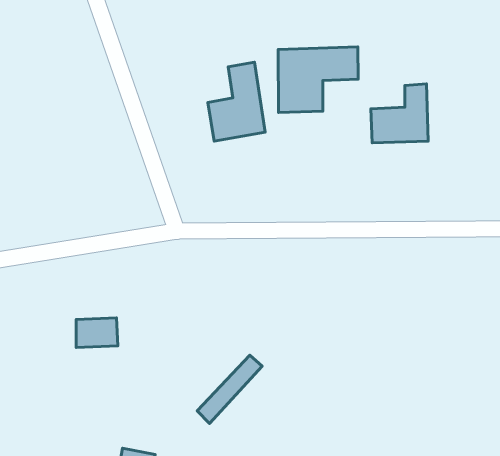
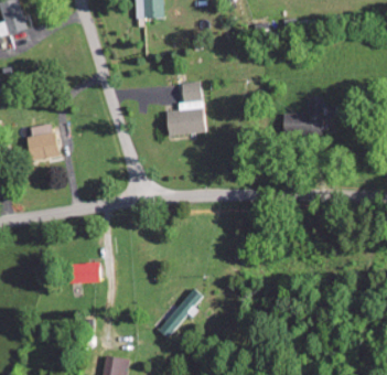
building: [278,47,358,112] -> none
building: none -> [28,124,58,160]

